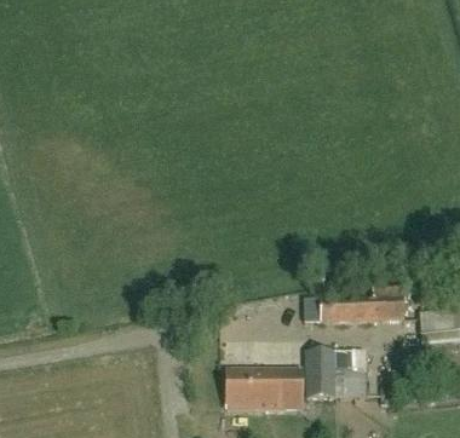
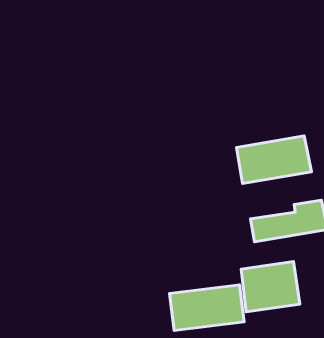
building: none -> [237,136,311,184]

